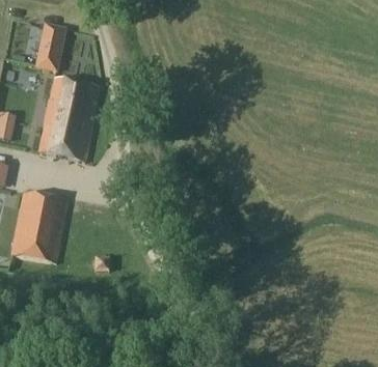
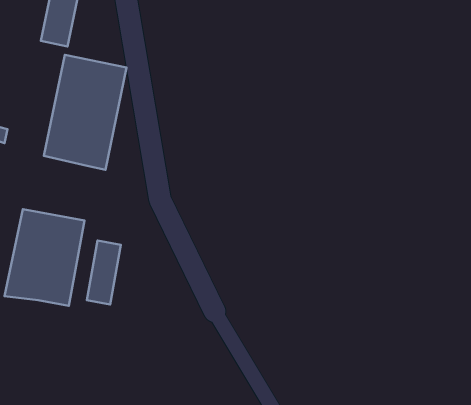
building: none -> [87,241,121,304]

